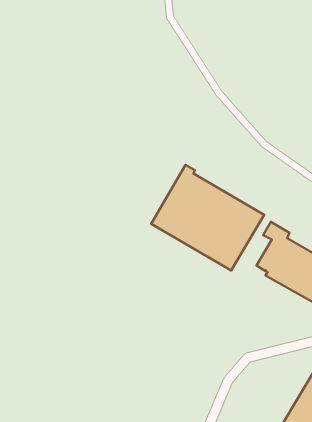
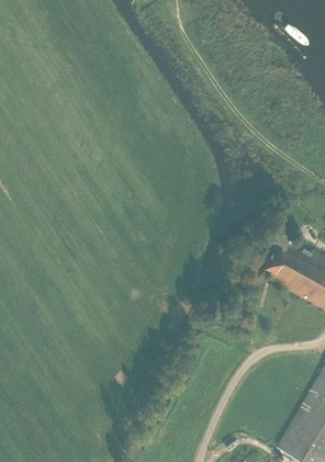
building: [151,165,264,270] -> none

